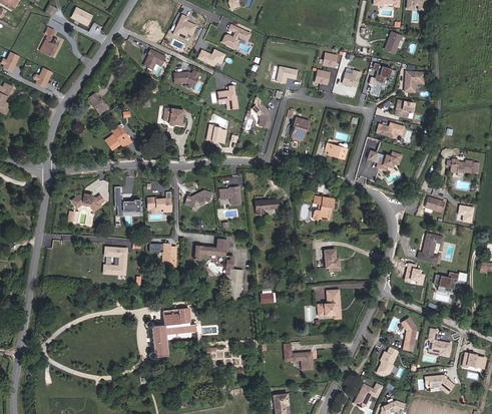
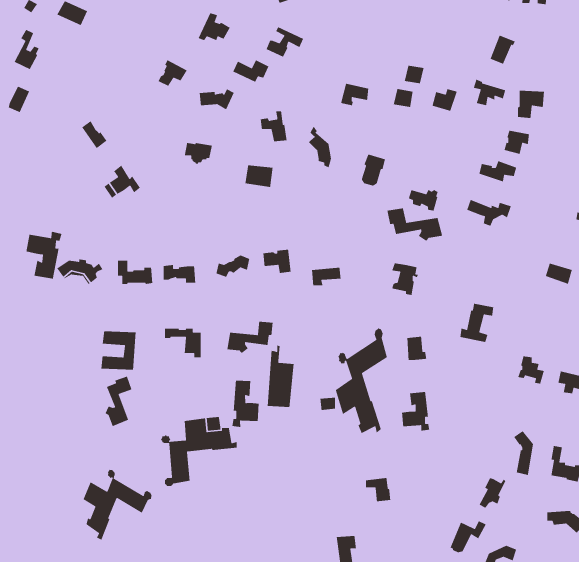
building: none -> [386,207,443,242]
building: none -> [26,231,63,280]
building: [417,234,442,263] -> [460,303,494,343]
building: none -> [335,328,388,434]
building: none -> [104,376,133,427]
building: none -> [232,380,260,428]
building: none -> [83,469,153,541]

